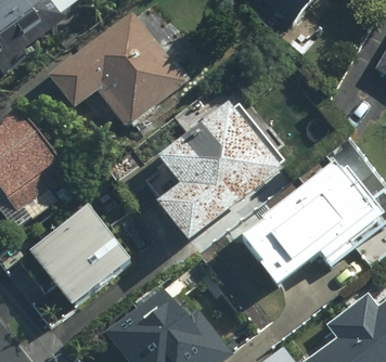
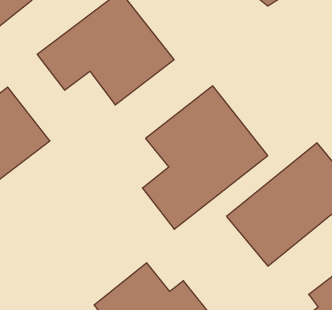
building: [28,206,130,307] -> none

